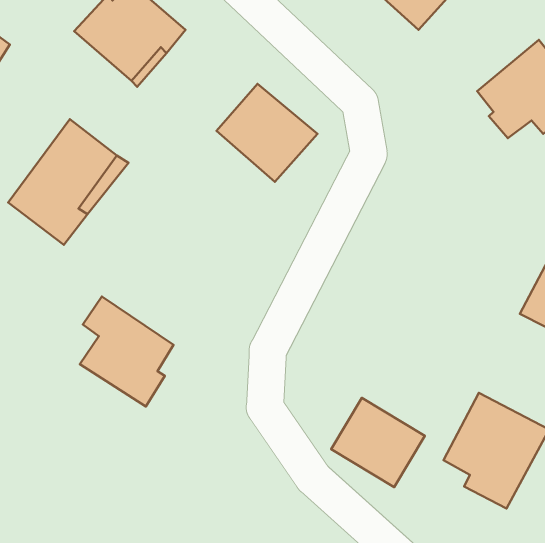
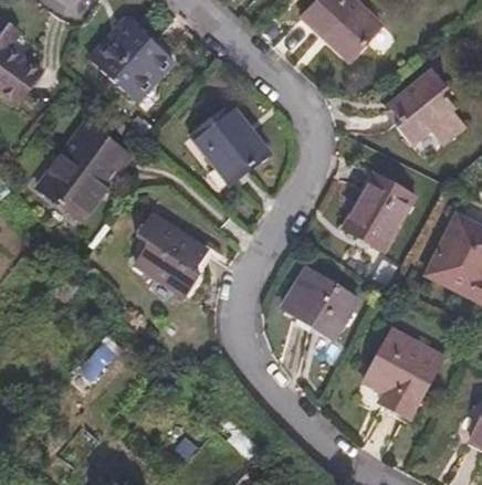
building: none -> [343,177,410,251]
building: [80,297,174,406] -> [140,213,211,296]
building: [331,398,425,487] -> [284,273,355,340]

